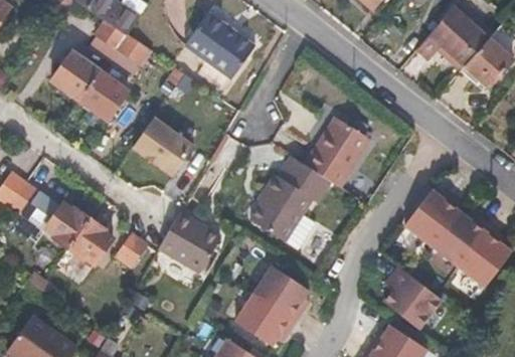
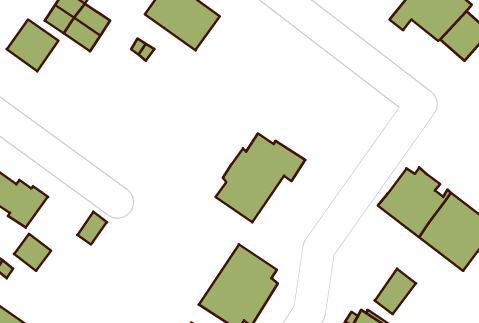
building: [79,69,128,118] -> none
building: [307,113,374,187] -> none
building: [133,118,192,175] -> none
building: [159,209,219,273] -> none
building: [68,218,112,262] -> none
building: [383,267,422,317] -> none

